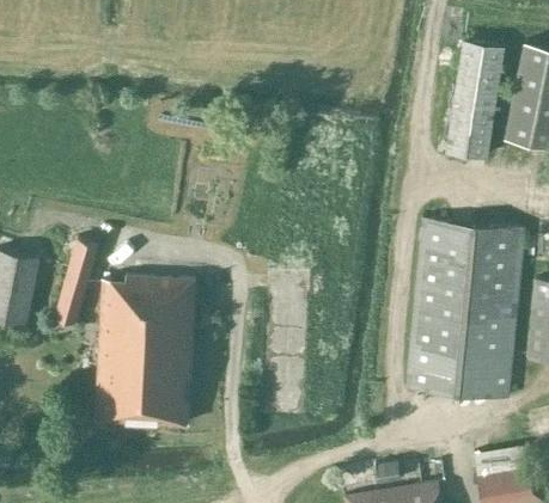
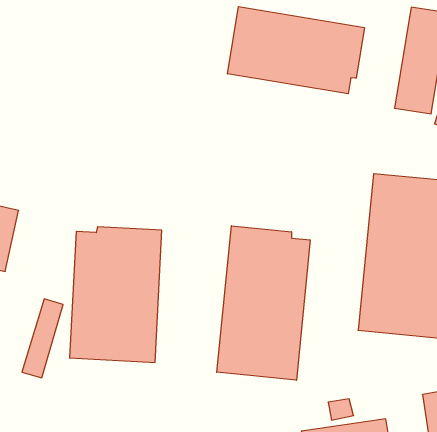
building: none -> [227,7,364,94]
building: [54,240,98,325] -> [22,299,63,378]
building: none -> [217,226,310,380]

